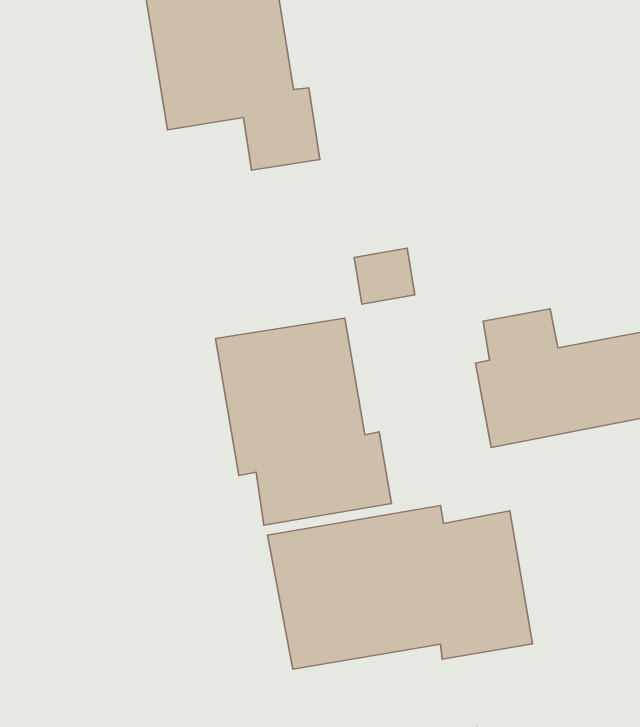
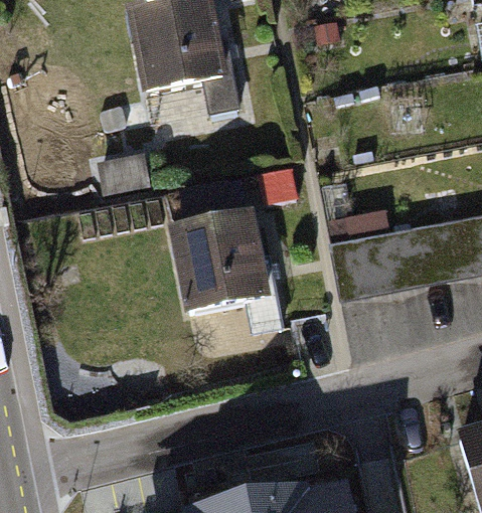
building: [268,505,533,669] -> none

